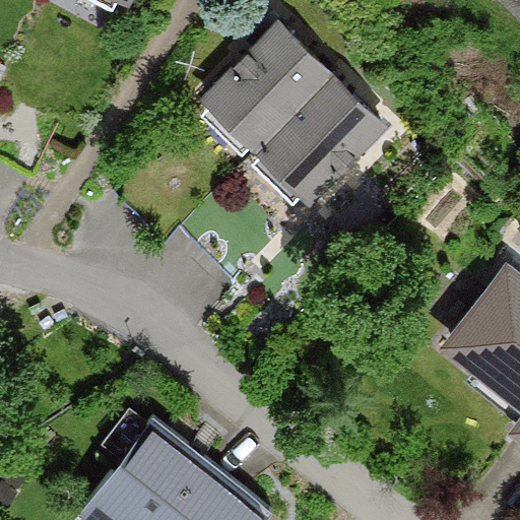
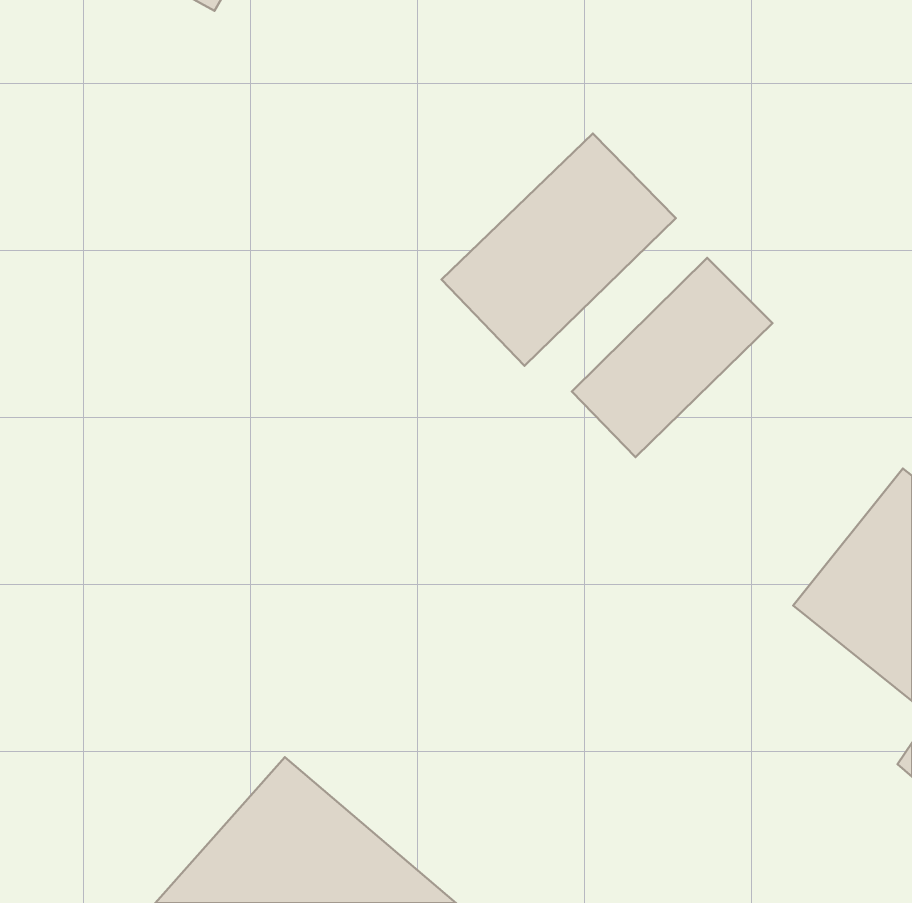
building: [197,26,334,157] -> none
building: none -> [572,258,773,457]

